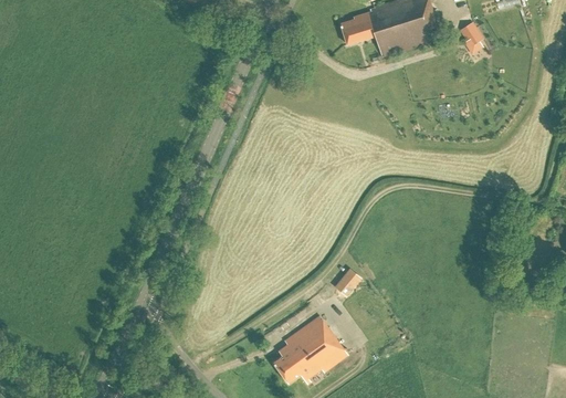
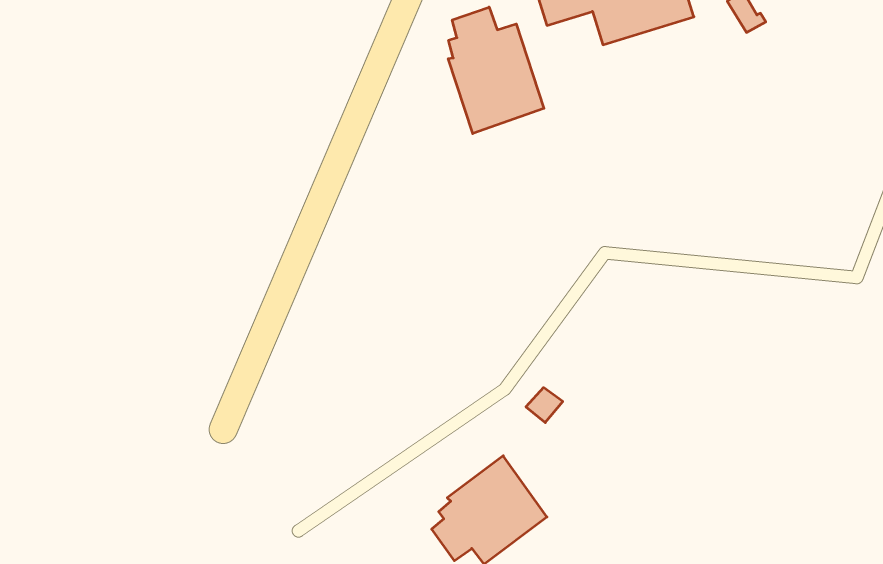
building: none -> [448,7,544,134]

